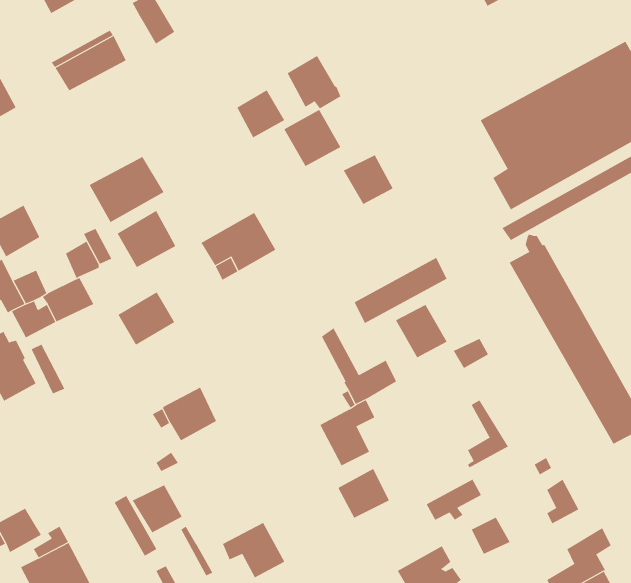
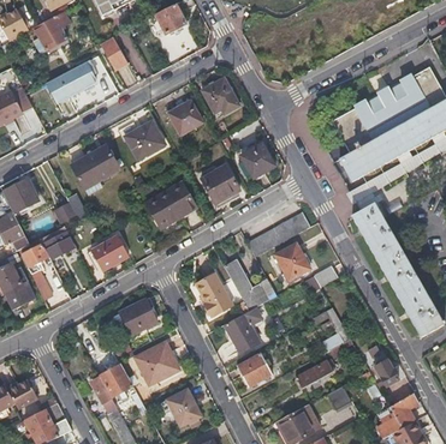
building: [283,109,341,167] -> [201,164,239,203]
building: [117,210,176,268] -> [126,120,166,158]
building: none -> [196,272,232,316]
building: none -> [135,342,179,385]

